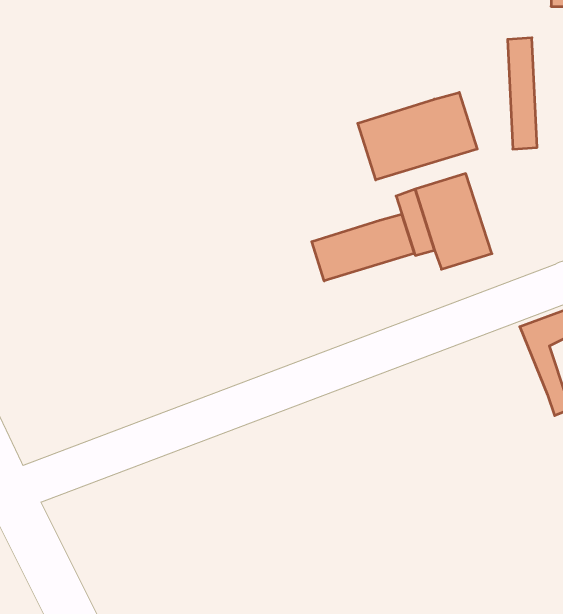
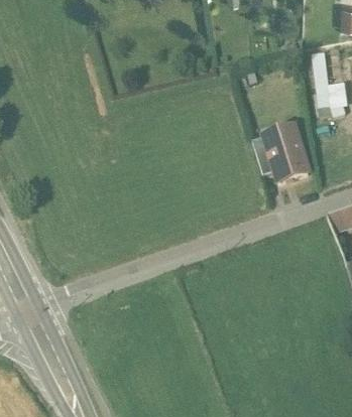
building: [358,92,477,180] -> none
building: [312,214,414,281] -> none

